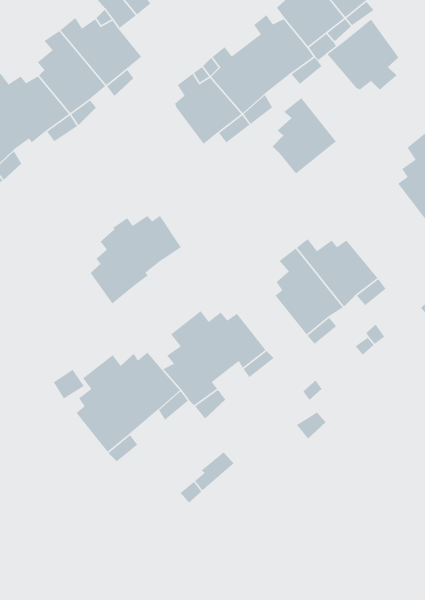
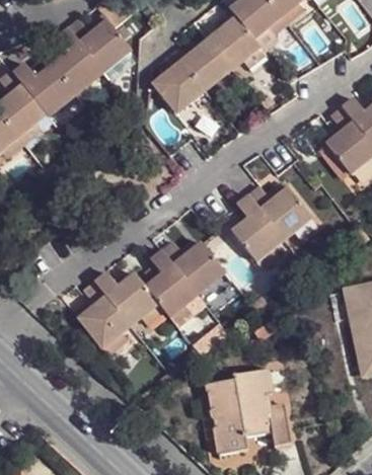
building: [327,19,399,90] -> none
building: [272,97,337,175] -> none
building: [90,215,182,305] -> none
building: none -> [207,368,293,453]

